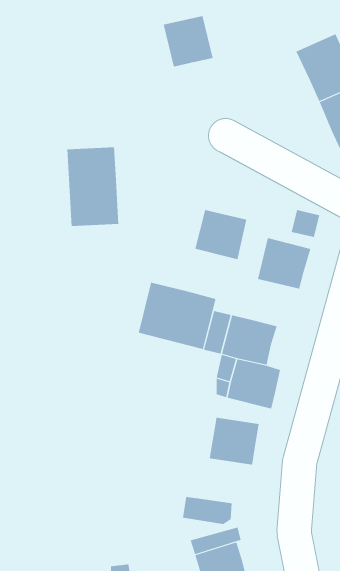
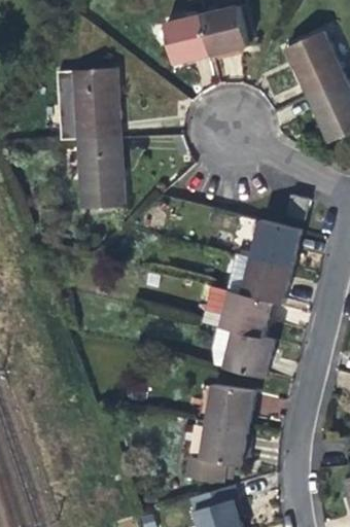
building: none -> [203,6,248,55]
building: none -> [55,67,121,139]
building: [194,210,247,260] -> [243,257,291,304]
building: [138,282,216,350] -> none
building: none -> [203,422,248,465]

